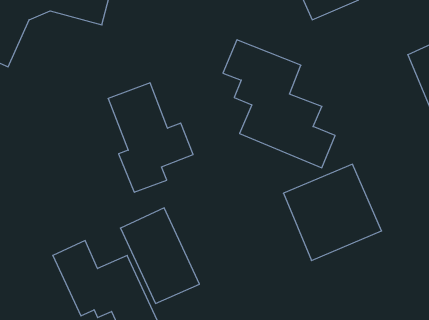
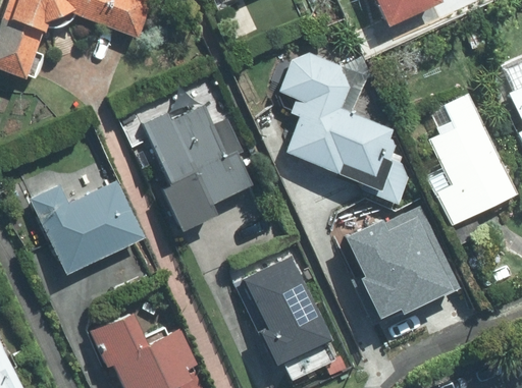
building: none -> [432,114,513,220]
building: none -> [28,181,146,278]
building: [120,208,199,303] -> [234,256,326,367]

